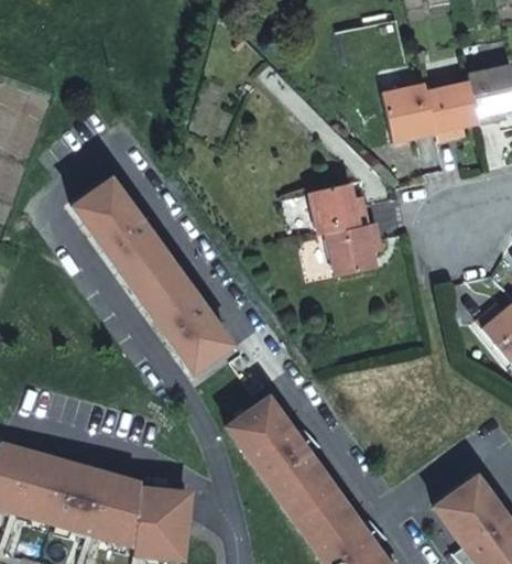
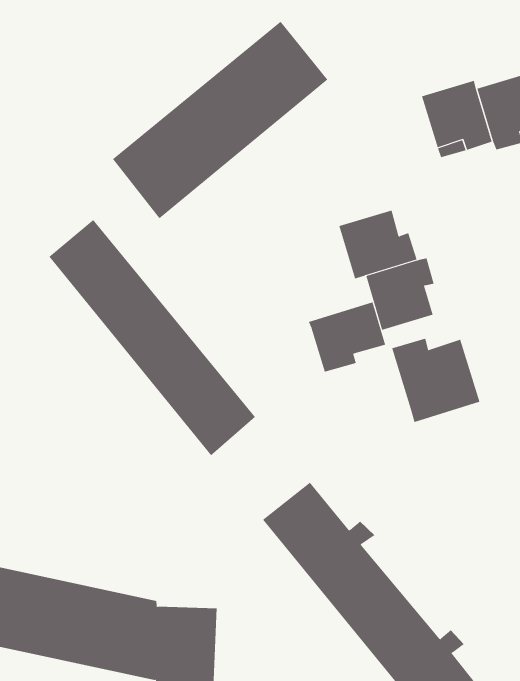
building: none -> [112,21,328,219]
building: none -> [308,302,386,372]
building: none -> [391,338,480,423]

